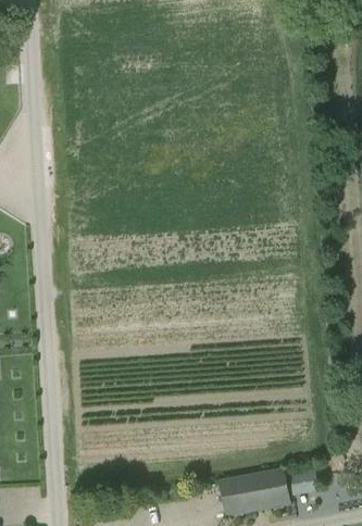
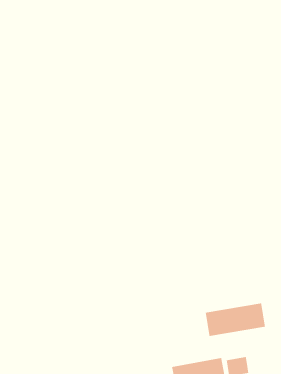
building: none -> [205,303,266,337]

